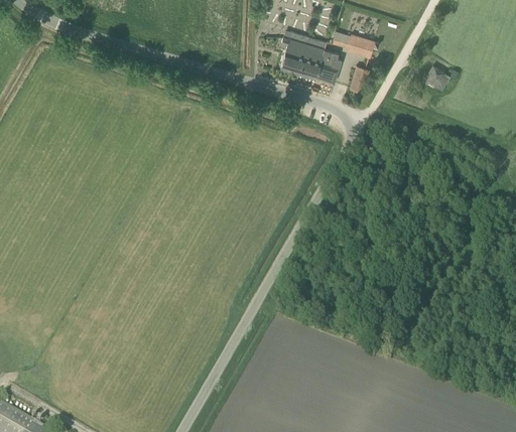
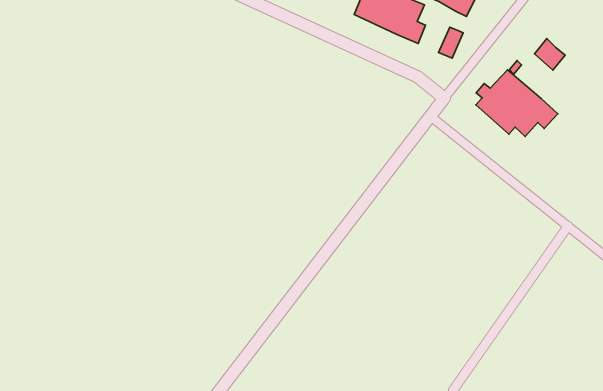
building: none -> [476,70,558,137]

